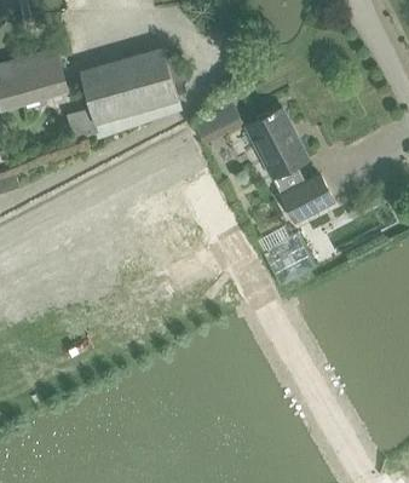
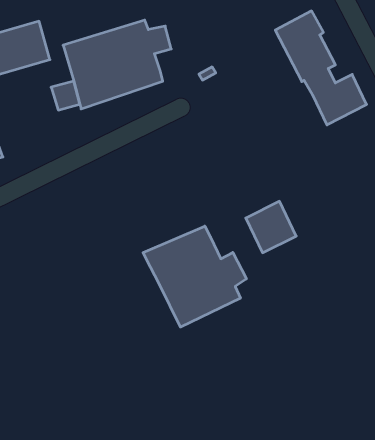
building: [242,108,334,223] -> [275,11,367,125]
building: none -> [143,226,246,327]

